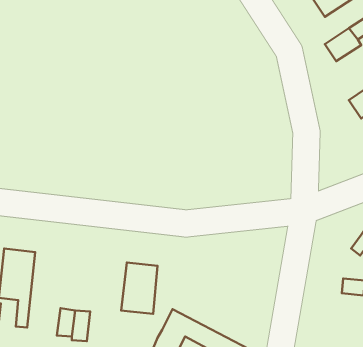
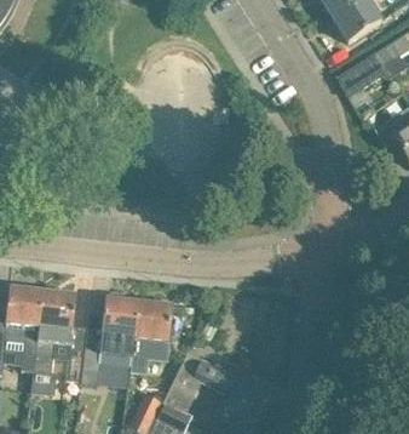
building: none -> [34,291,76,373]
building: none -> [99,293,139,376]

